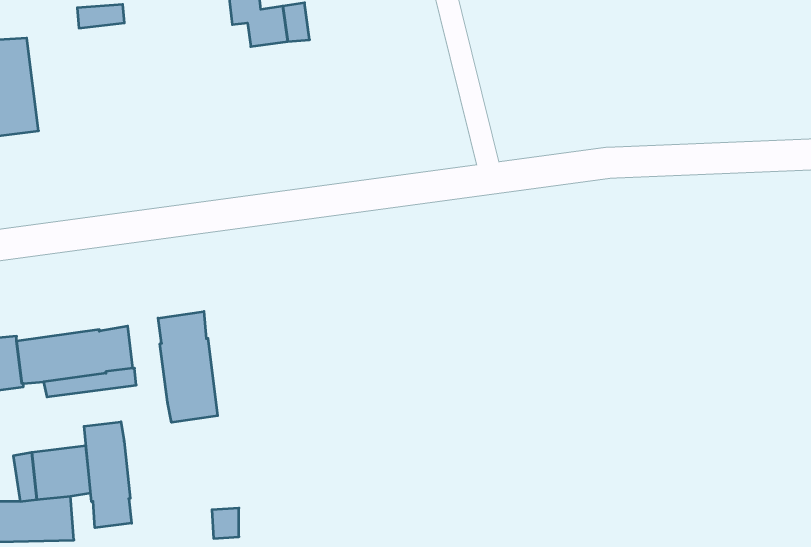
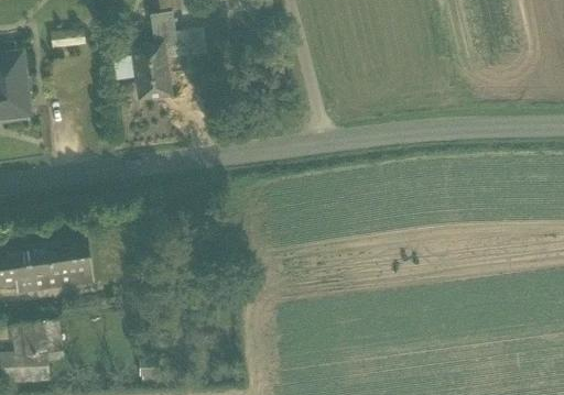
building: none -> [129,45,167,101]
building: [158,311,218,422] -> none
building: [84,422,132,528] -> none

